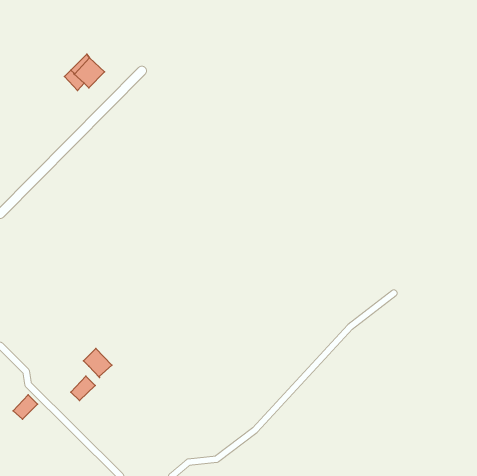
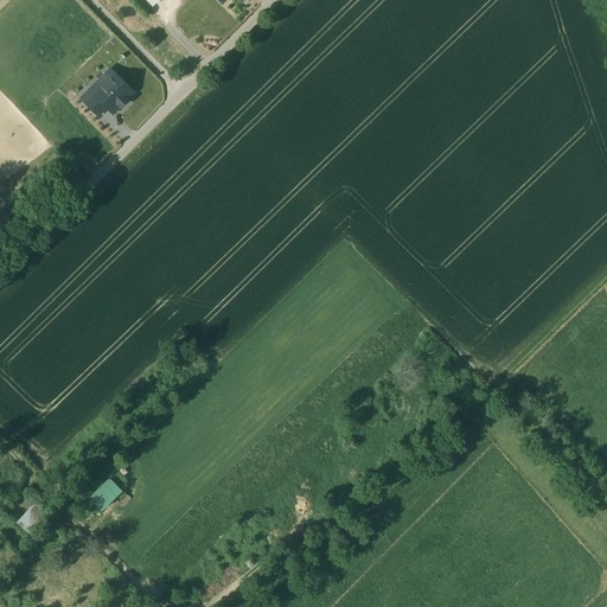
building: [84,349,112,377] -> none

